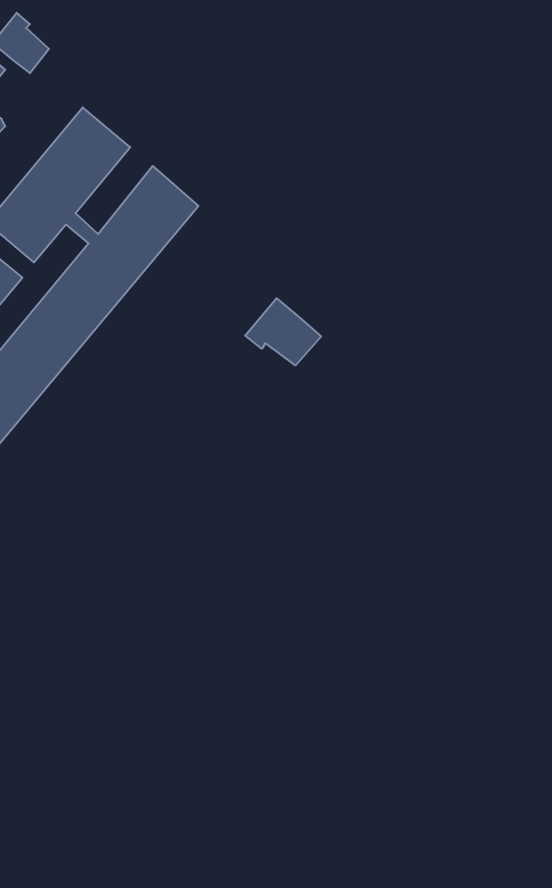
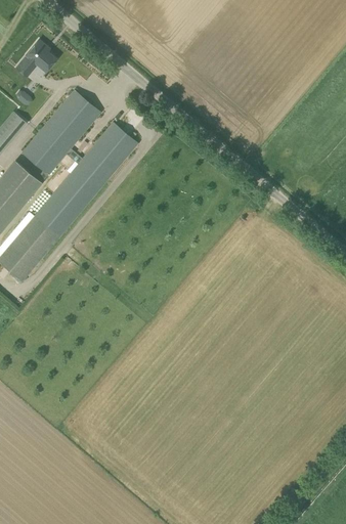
building: [245,298,321,365] -> none

